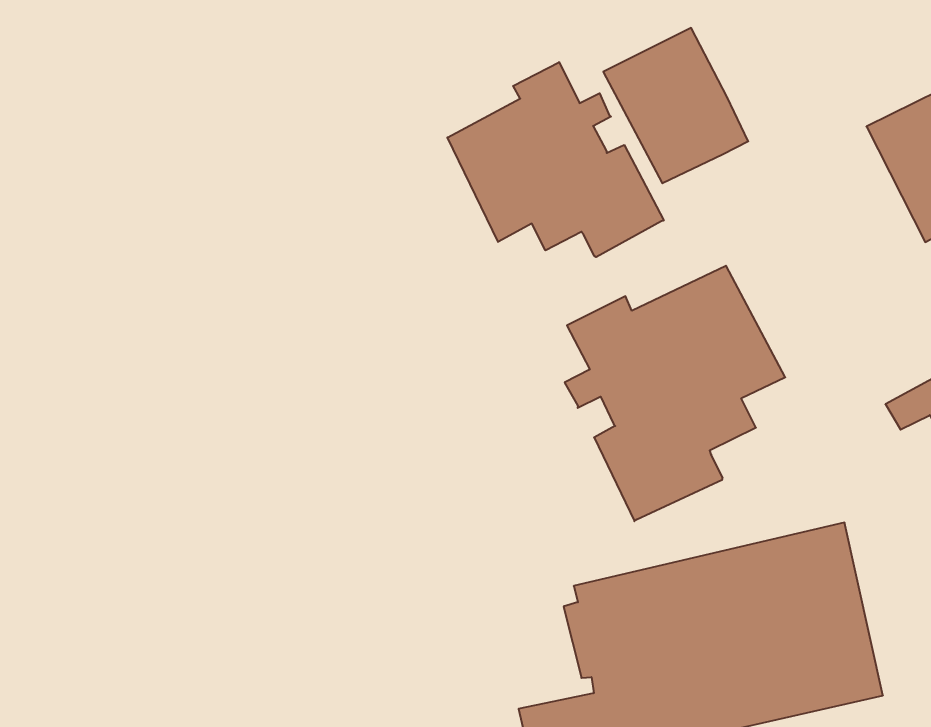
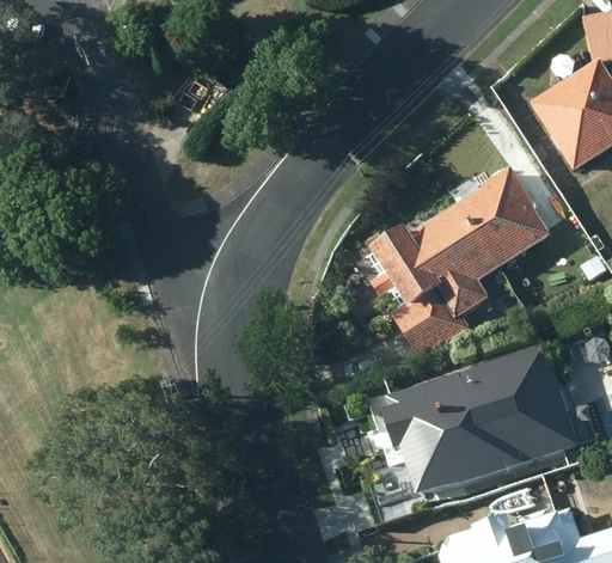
building: [603,28,748,183] -> [457,165,549,261]
building: [447,62,664,257] -> none

